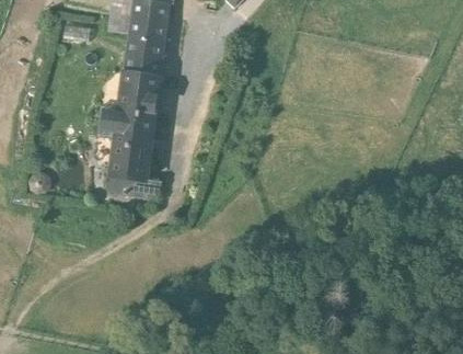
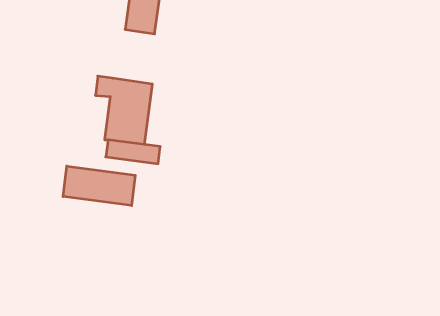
building: [116,64,161,116] -> none
building: none -> [63,166,135,206]

